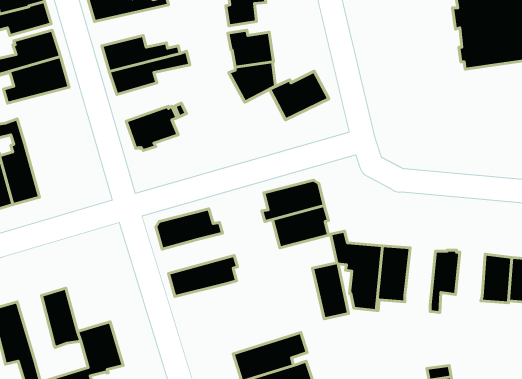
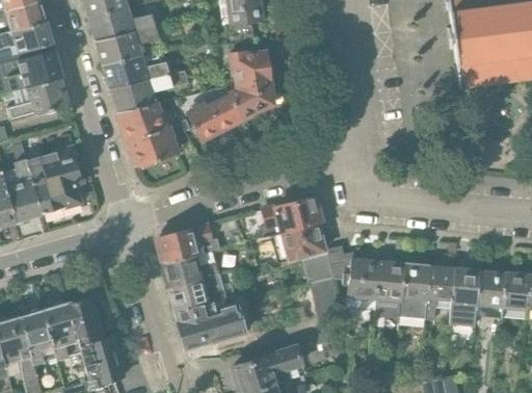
building: none -> [96,24,170,64]
building: [270,71,329,120] -> [185,93,243,140]
building: none -> [117,100,168,138]
building: none -> [27,148,82,213]
building: none -> [304,254,334,283]
building: none -> [162,255,218,288]
building: none -> [400,261,430,319]
building: none -> [450,267,479,311]
building: none -> [68,291,104,345]
building: none -> [175,298,247,350]
building: none -> [20,310,56,375]

